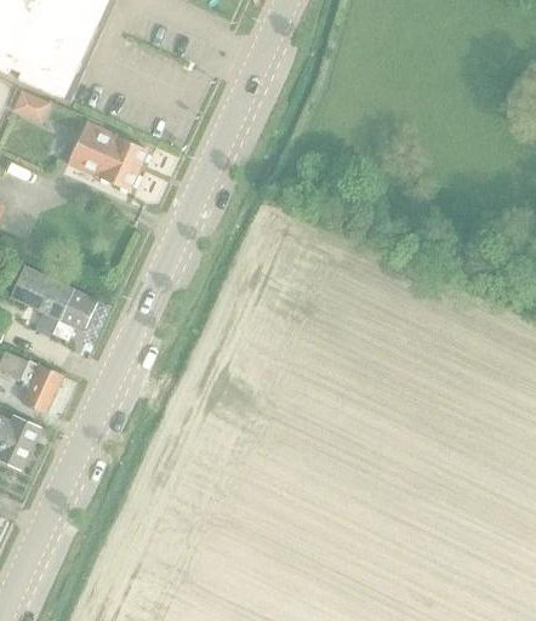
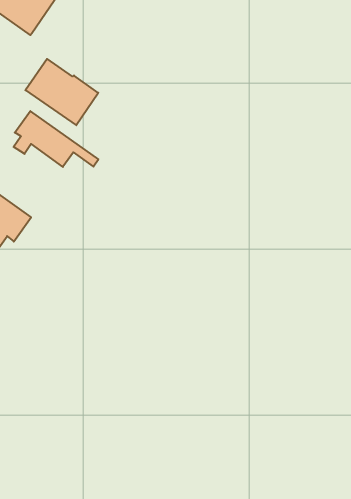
building: none -> [14,111,98,167]

